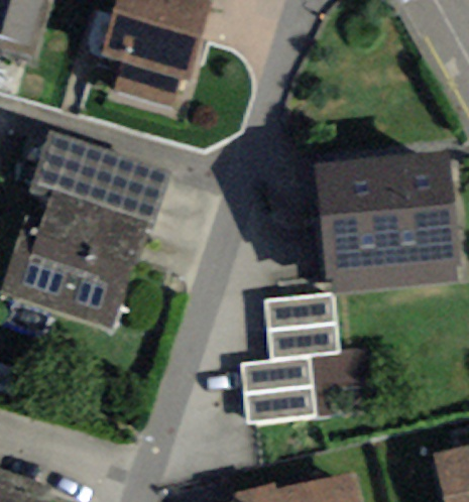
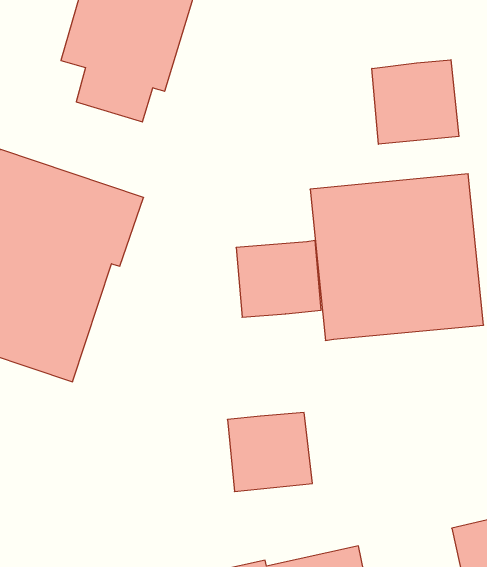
building: none -> [372,60,459,144]
building: [264,293,337,359] -> [236,241,321,317]

